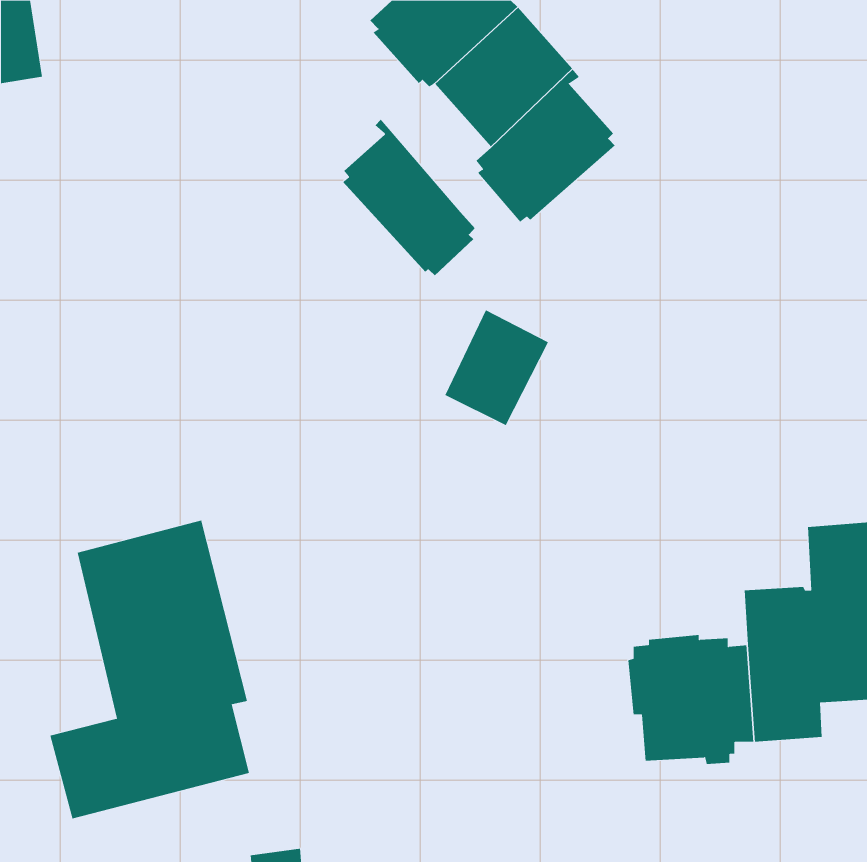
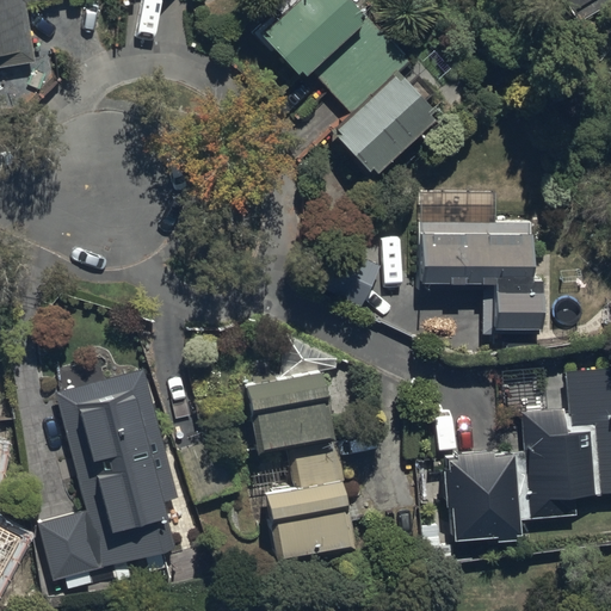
building: [342,119,476,276] -> none
building: none -> [415,223,539,339]
building: none -> [242,371,350,550]

